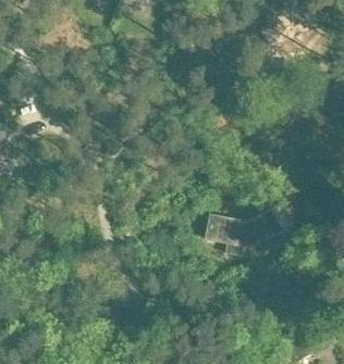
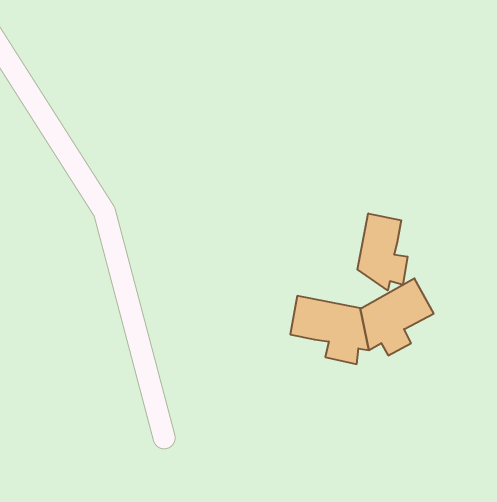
building: none -> [357,213,408,290]

